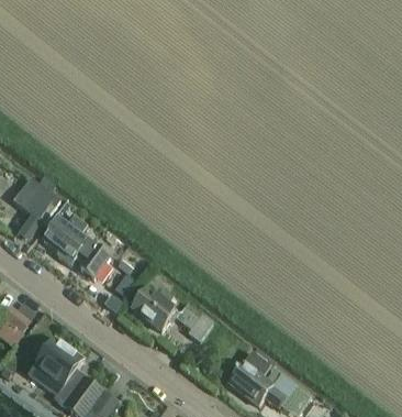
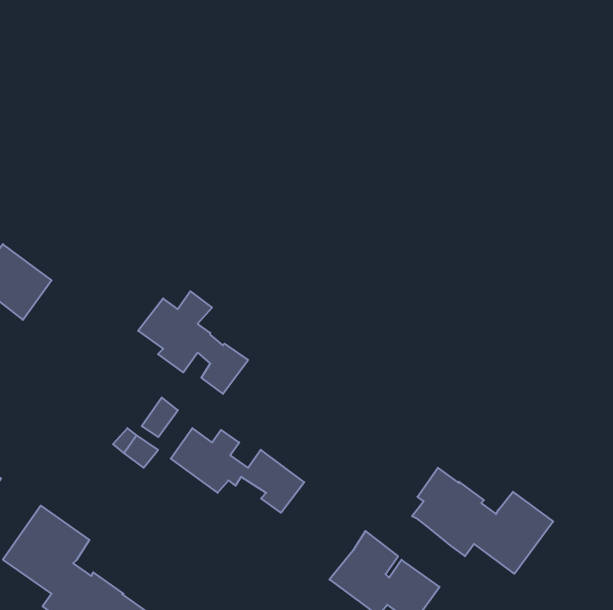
building: [42,216,109,278] -> [138,291,248,394]
building: none -> [412,468,553,574]

